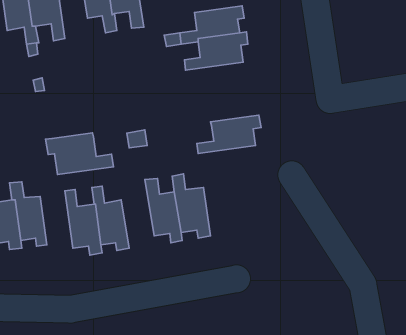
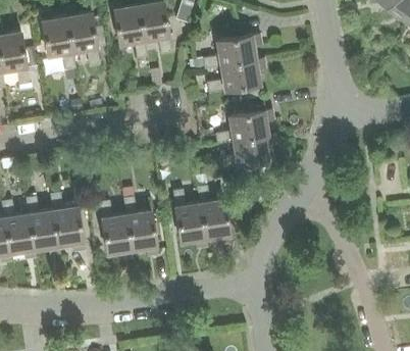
building: none -> [216,109,273,144]
building: [45,133,113,174] -> none

